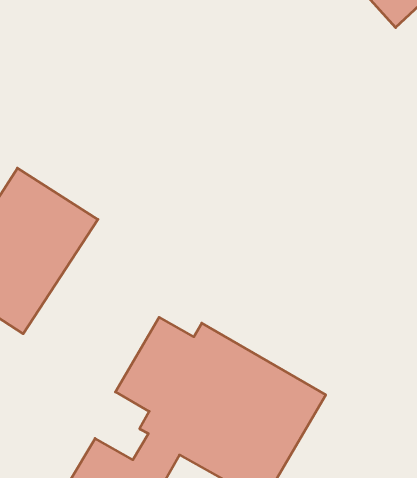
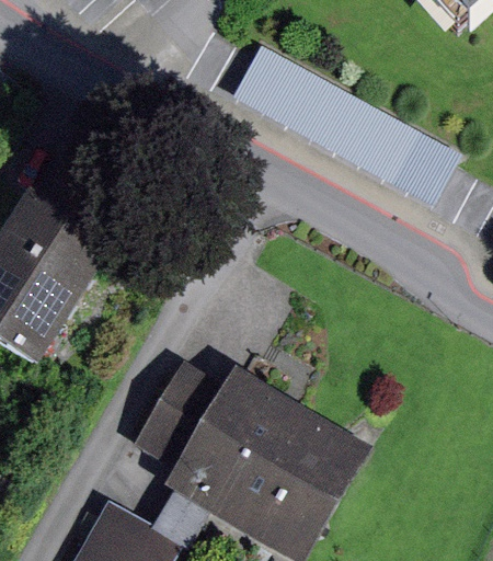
building: none -> [231,43,461,206]

